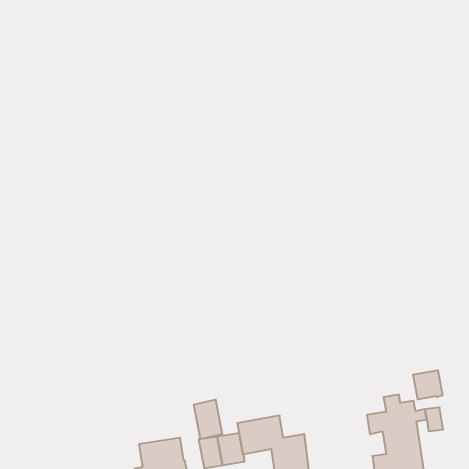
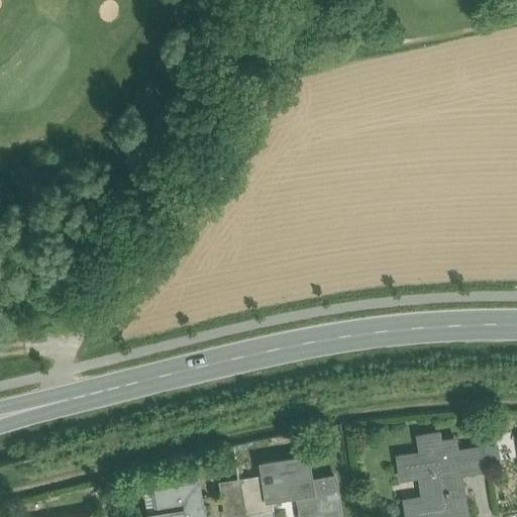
building: [413,370,443,400] -> none
building: [194,399,222,439] -> none

